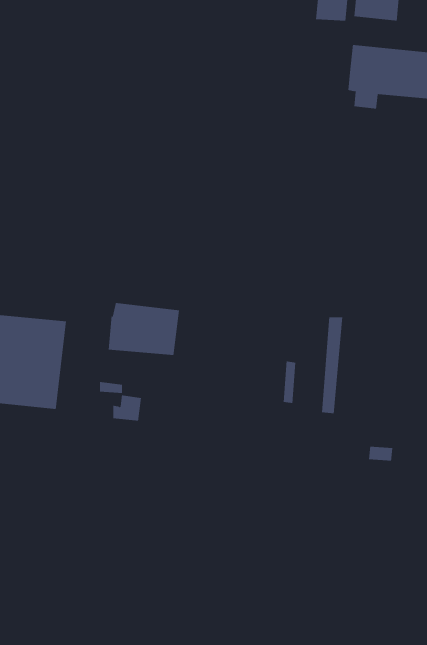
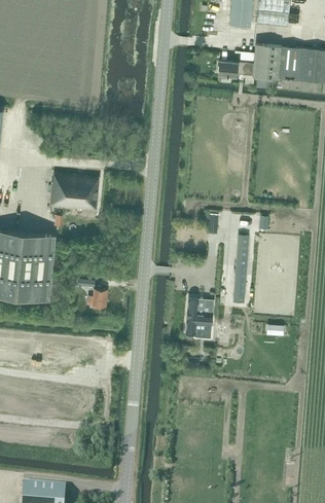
building: none -> [218,61,253,76]
building: [108,303,180,356] -> [49,173,100,210]
building: none -> [186,298,213,334]

